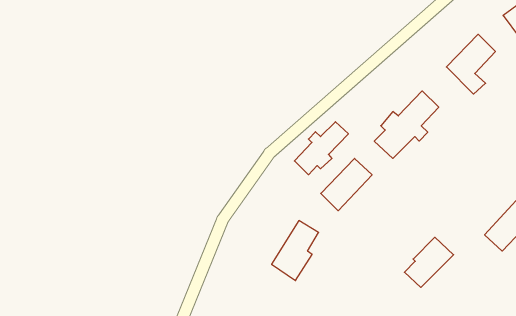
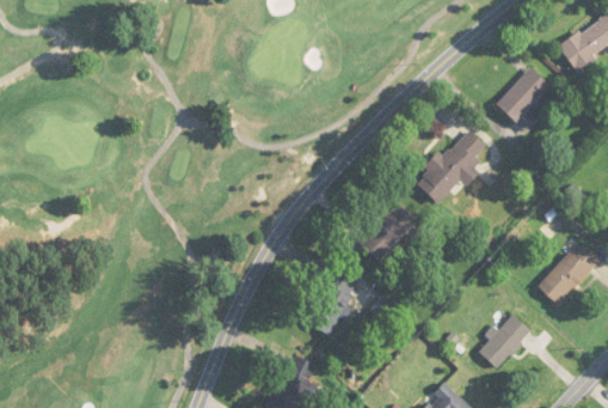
building: [294,122,348,175] -> none
building: [404,237,454,287] -> [478,313,532,369]

